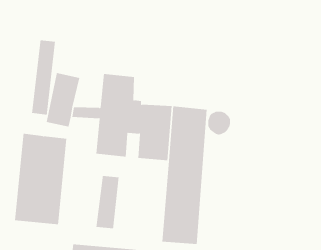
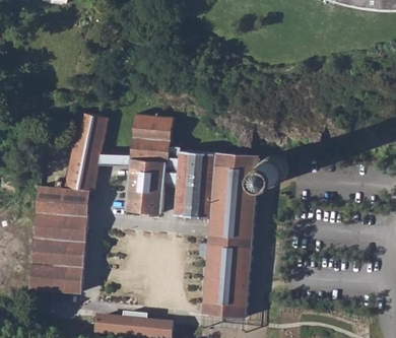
building: [31,39,55,115] -> none
building: none -> [63,171,93,190]
building: [96,175,119,229] -> none

